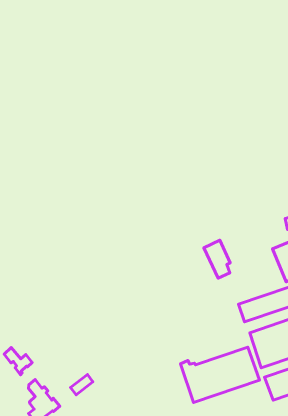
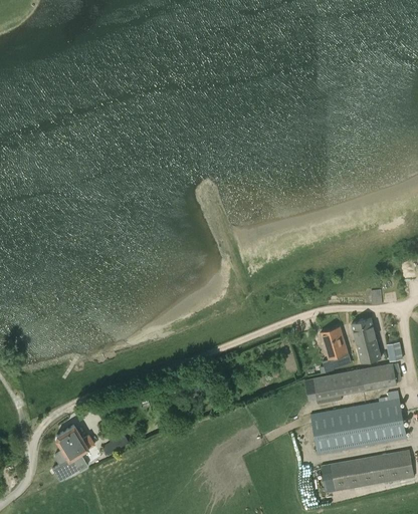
building: [204,240,230,278] -> [320,326,347,368]
building: [181,347,259,403] -> none
building: [4,348,32,375] -> [63,425,93,457]

